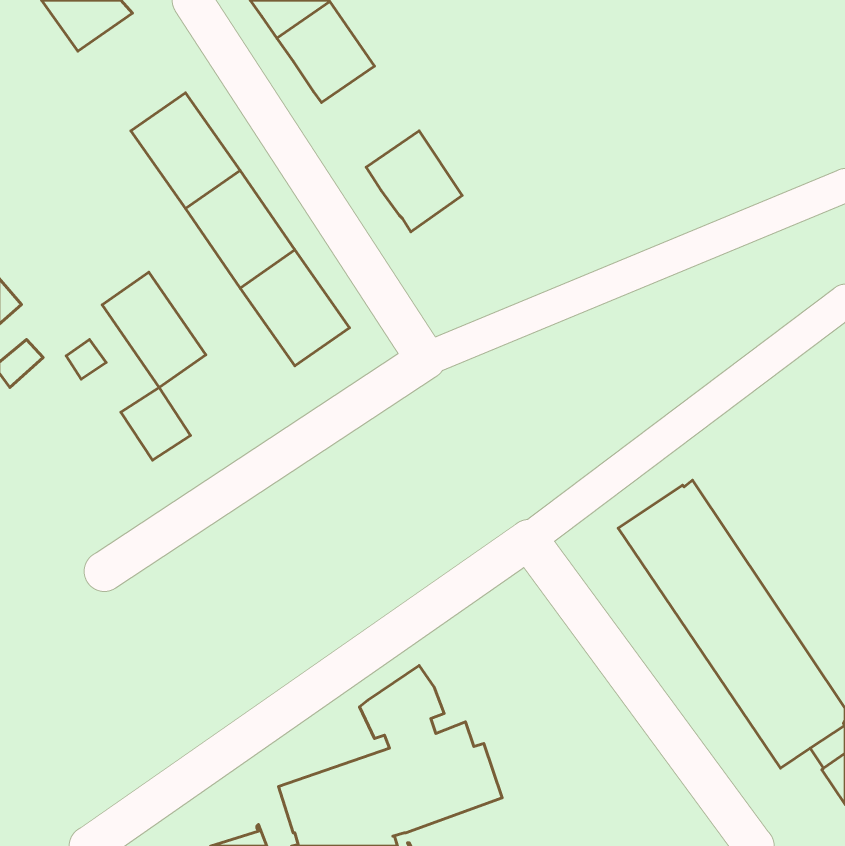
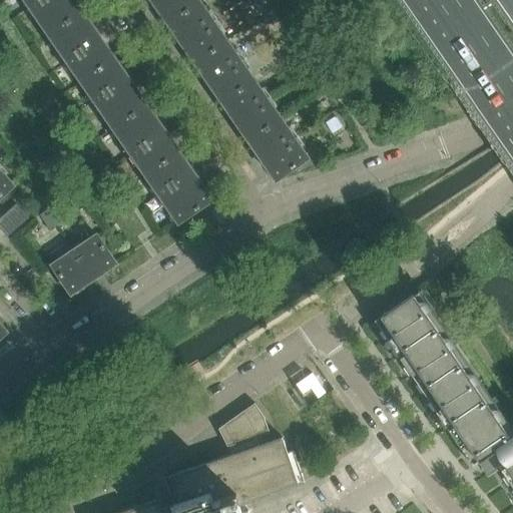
building: none -> [47,8,112,79]
building: none -> [194,40,253,101]
building: none -> [248,118,307,179]
building: [102,272,206,387] -> none
building: none -> [51,249,92,294]

